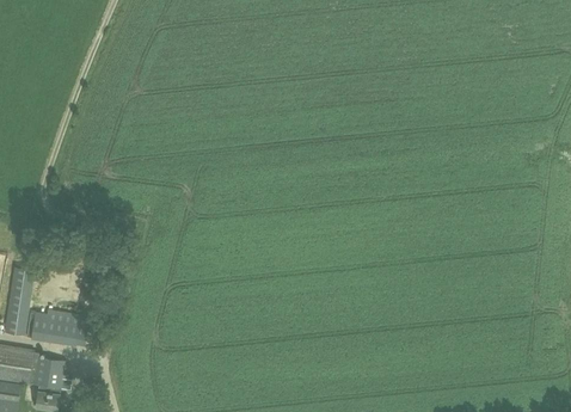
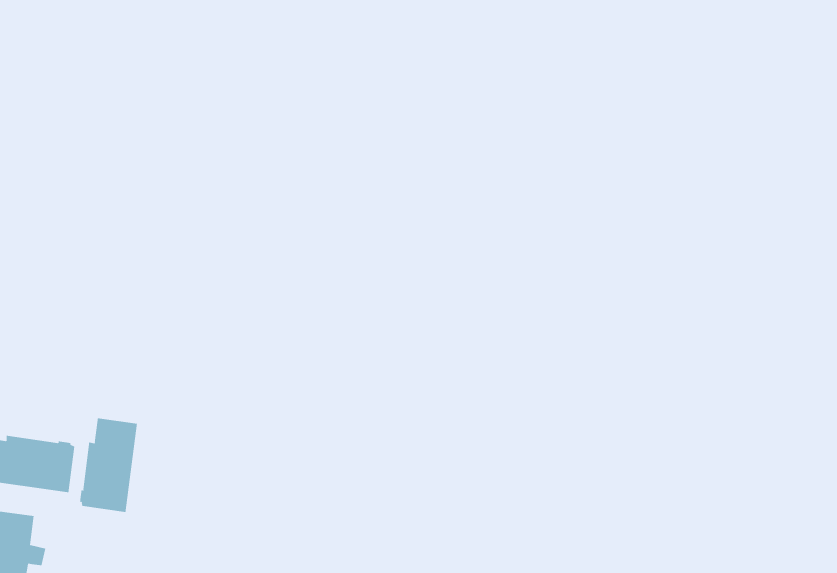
building: none -> [80,418,138,513]

